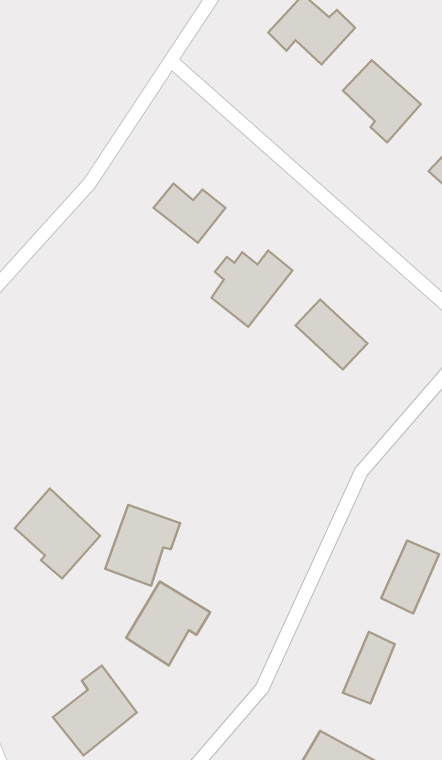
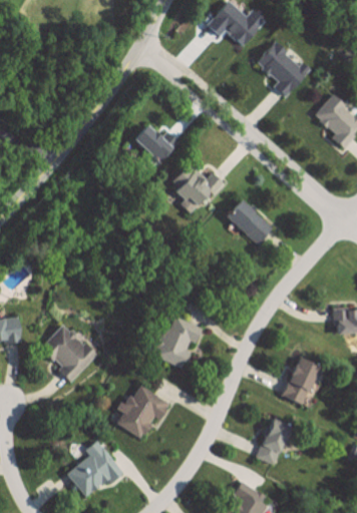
building: [105,505,180,586] -> [153,314,203,367]

